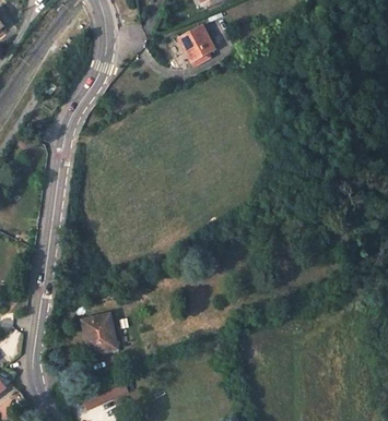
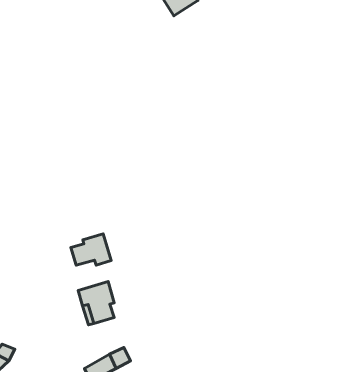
building: none -> [71,234,111,265]

